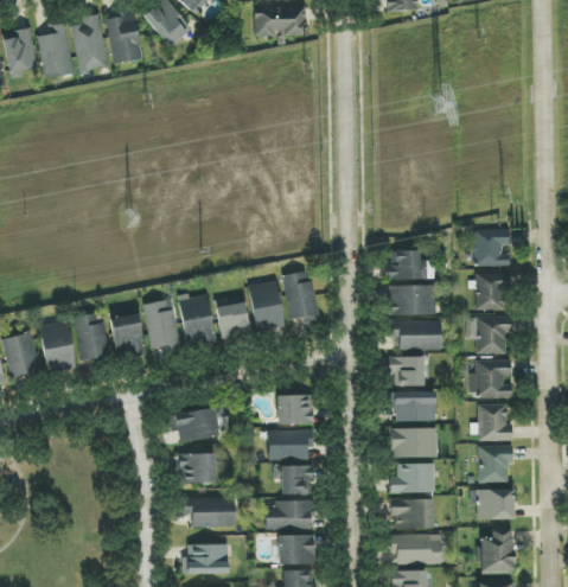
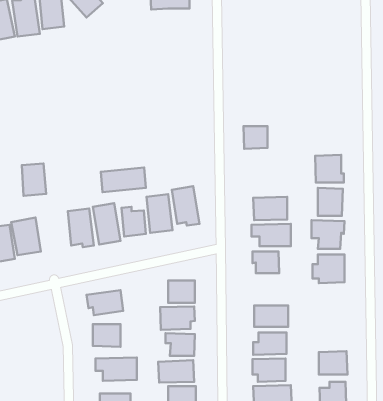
building: none -> [101,168,146,192]
building: [388,250,420,280] -> [243,126,268,149]
building: [111,314,143,357] -> [22,163,46,196]
building: [395,391,435,421] -> none
building: [478,403,512,441] -> none
building: [478,446,512,483] -> none

